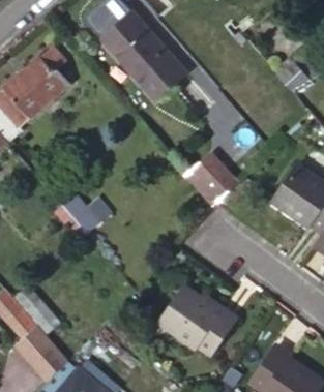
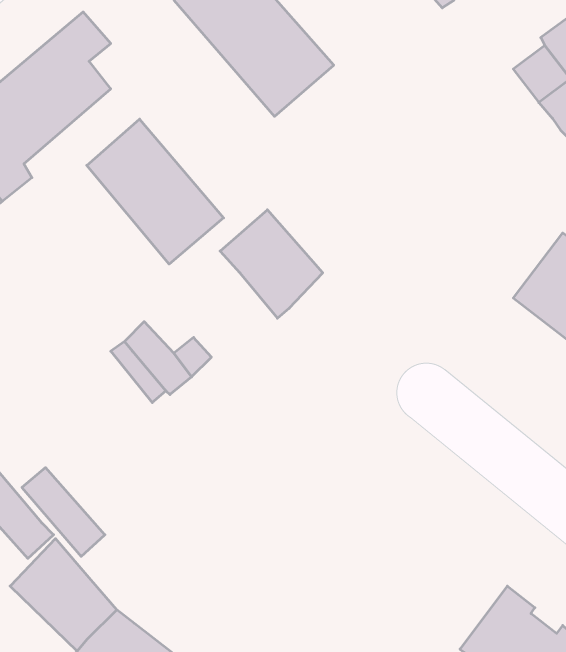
building: none -> [87,119,224,264]
building: [184,153,238,210] -> [220,210,323,318]
building: [156,285,231,352] -> none

